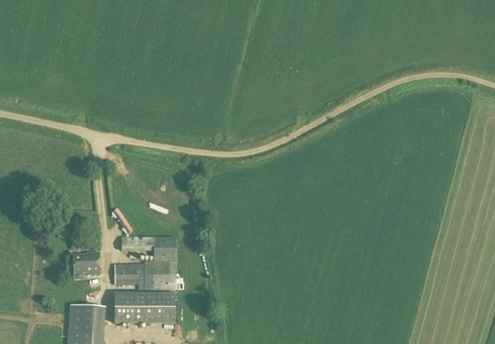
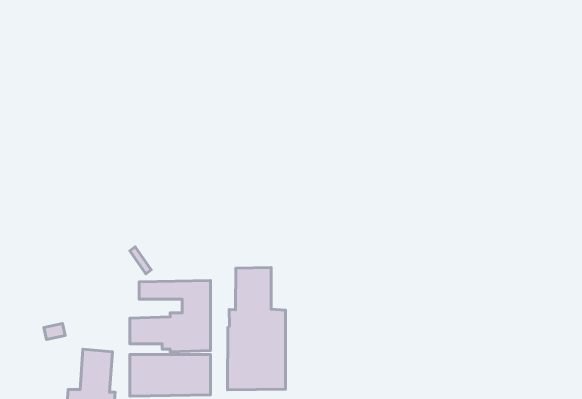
building: none -> [228,268,285,390]
building: [72,253,100,280] -> none

